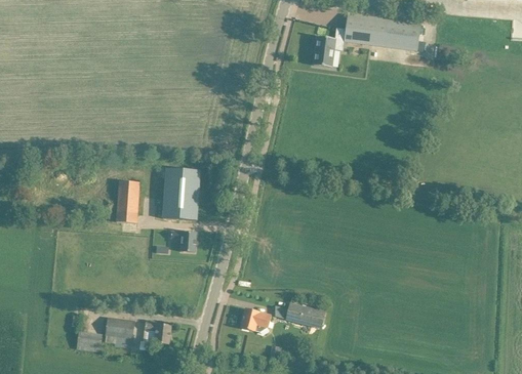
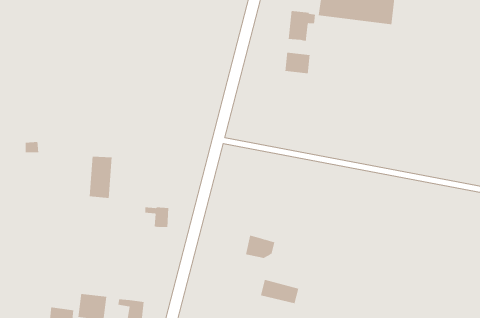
building: none -> [285,52,310,74]
building: [162,167,201,219] -> none
building: [241,307,271,331] -> [245,235,275,259]

